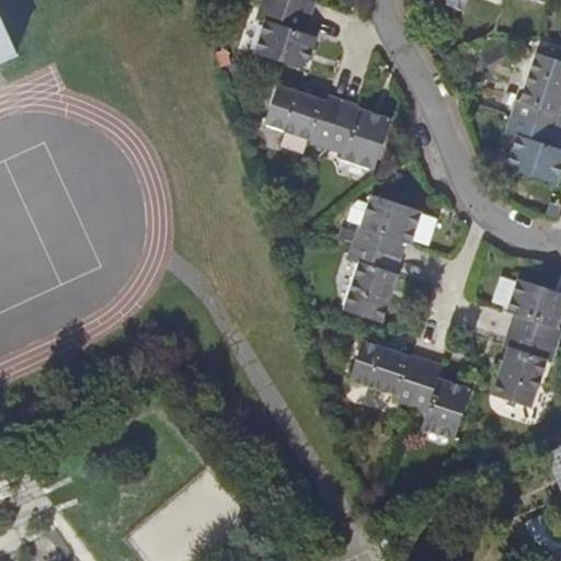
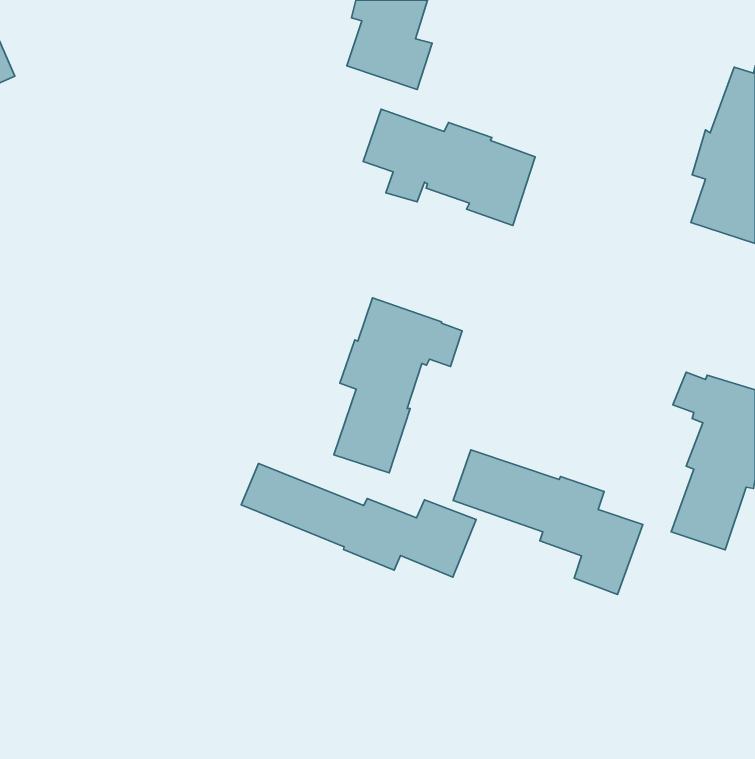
building: [343,194,437,322] -> [334,298,462,473]
building: none -> [241,463,476,577]

